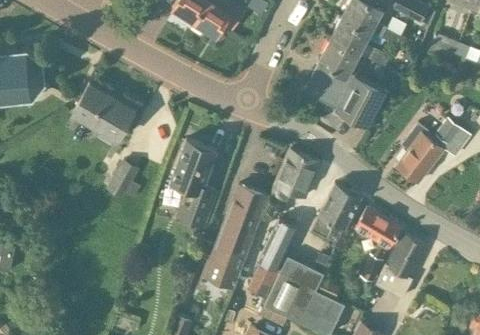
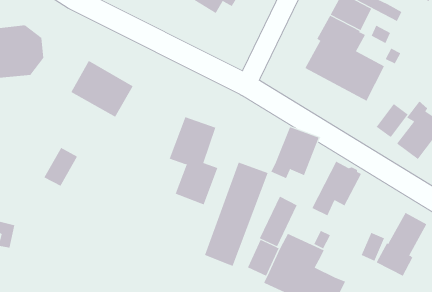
building: none -> [376,103,409,138]
building: [106,161,140,200] -> [44,147,78,187]
building: [354,209,400,250] -> none

